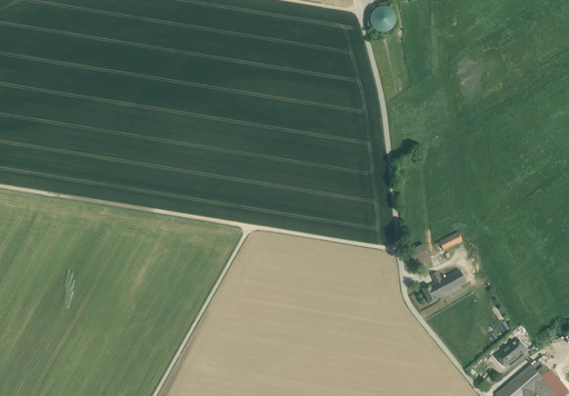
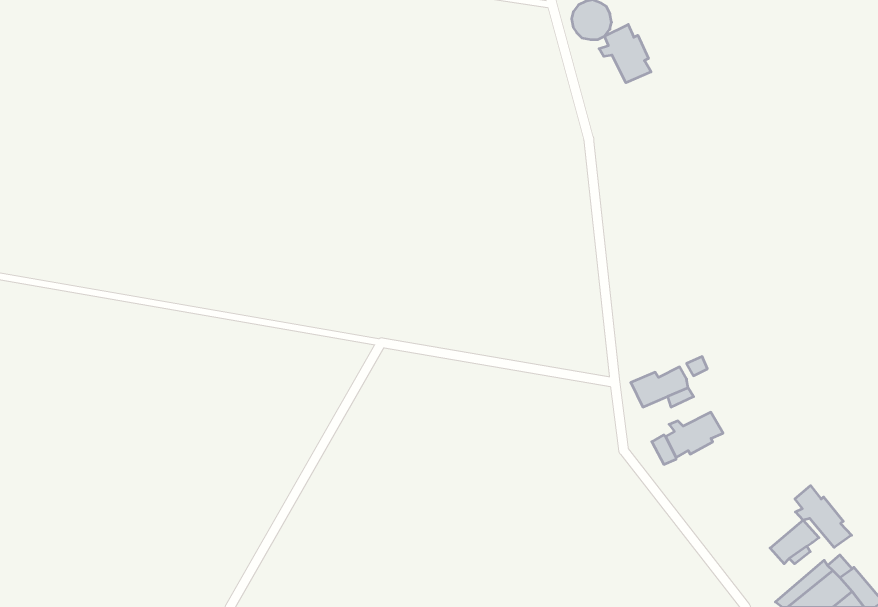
building: none -> [599,24,651,83]
building: none -> [795,486,852,547]

